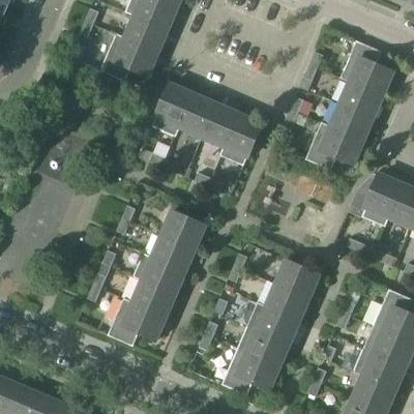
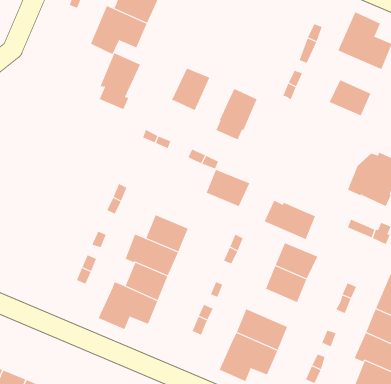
building: [152,83,193,138] -> [99,53,141,110]
building: [339,83,380,119] -> none
building: [201,103,238,145] -> none
building: [305,124,360,171] -> none
building: [162,212,205,248] -> [206,169,250,207]
building: [249,304,299,343] -> [264,200,316,240]

